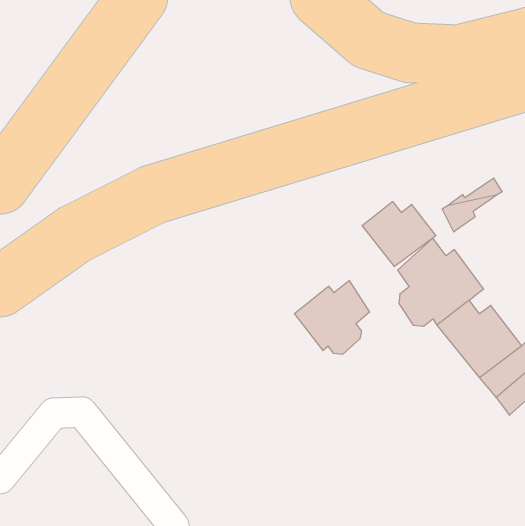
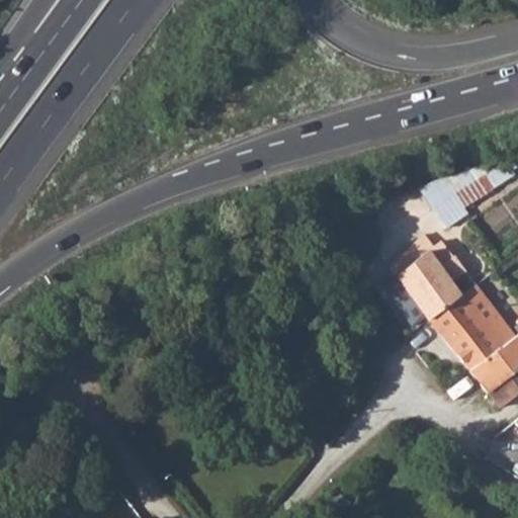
building: [362,202,436,266] -> none
building: [295,280,370,354] -> none

